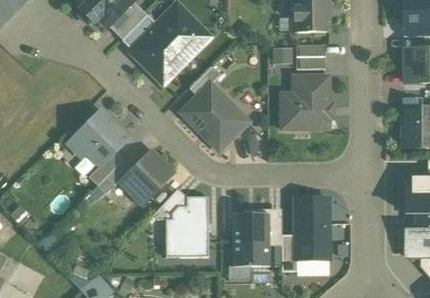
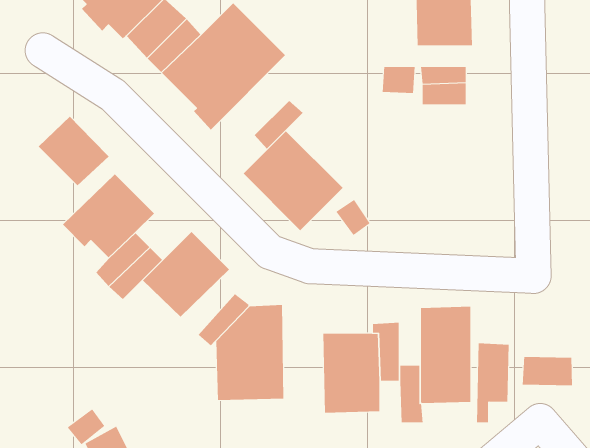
building: [281,75,328,129] -> none
building: none -> [38,116,109,186]
building: none -> [522,356,572,386]

